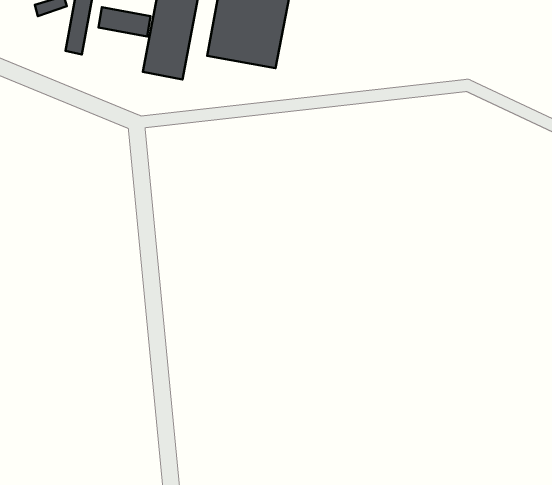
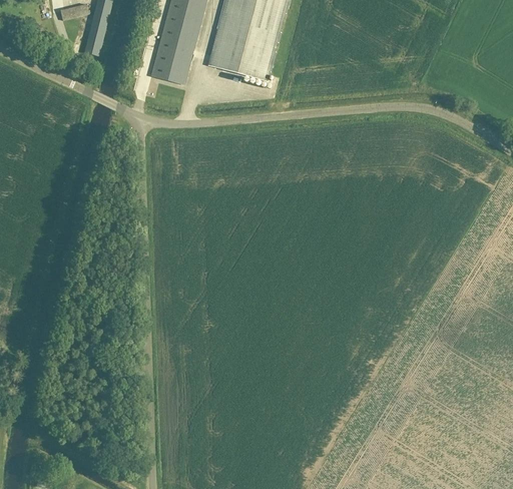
building: [99,7,151,36] -> none

